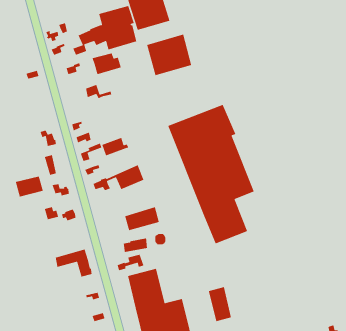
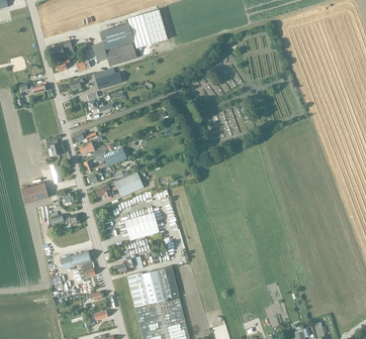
building: [146,34,192,76] -> none
building: [167,104,255,244] -> none
building: [208,286,232,322] -> [157,265,179,299]

